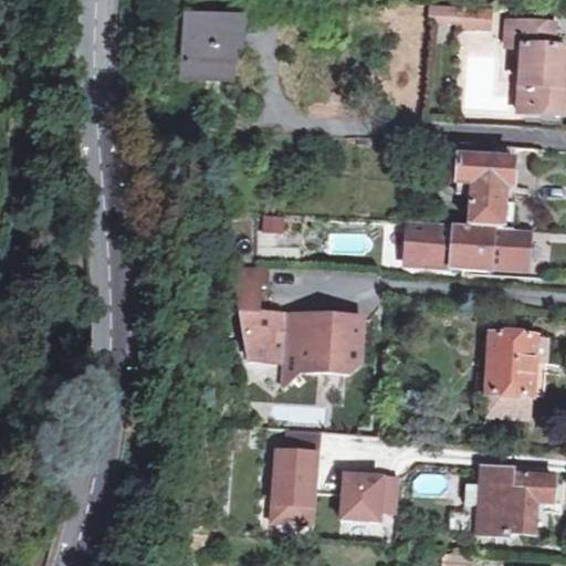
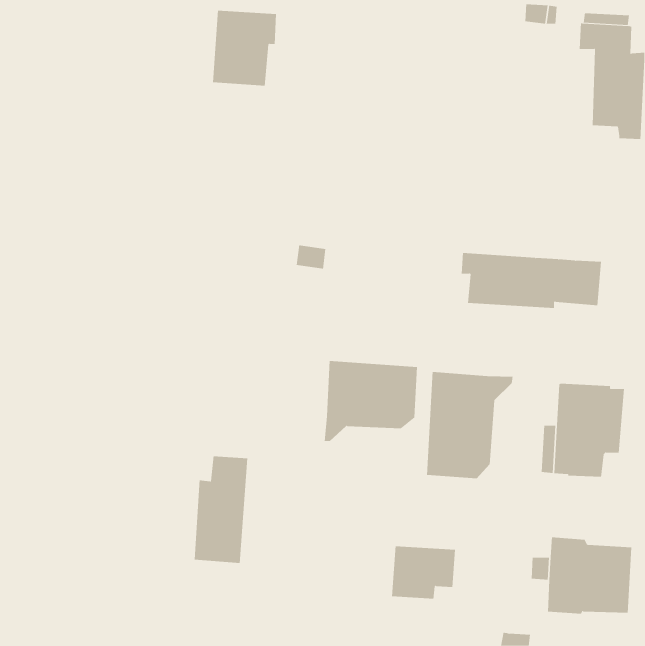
building: [423,138,516,227] -> none
building: [233,264,286,363] -> none
building: none -> [426,371,513,479]
building: [270,431,317,525] -> [194,456,248,564]

